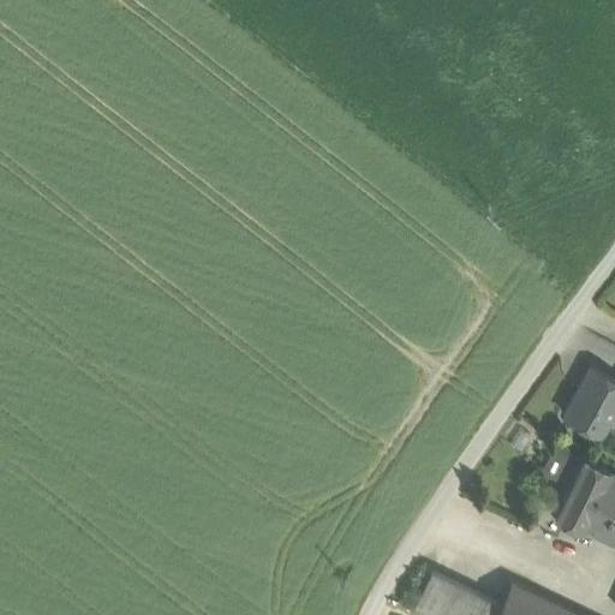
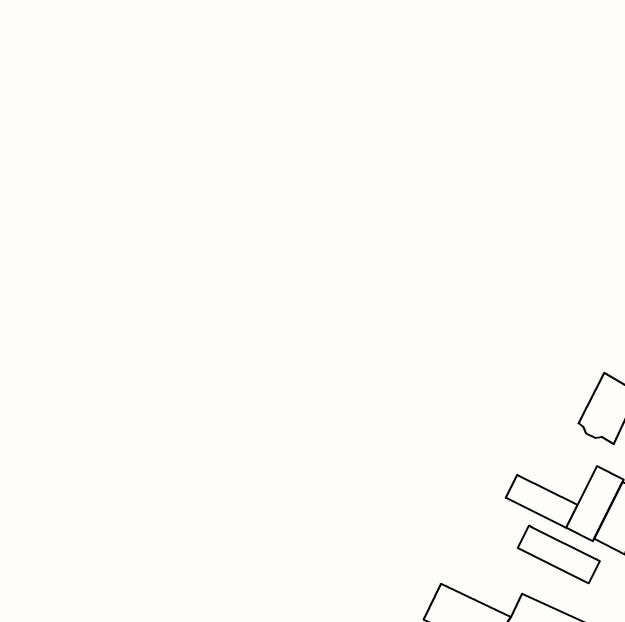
building: none -> [506,475,577,528]
building: none -> [518,526,600,583]

